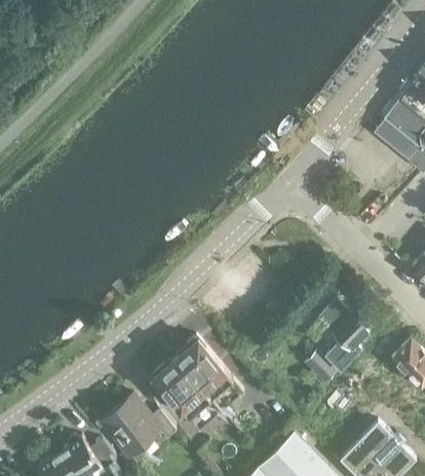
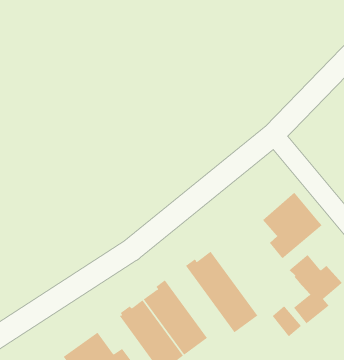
building: none -> [262,192,322,259]
building: none -> [185,251,258,333]

